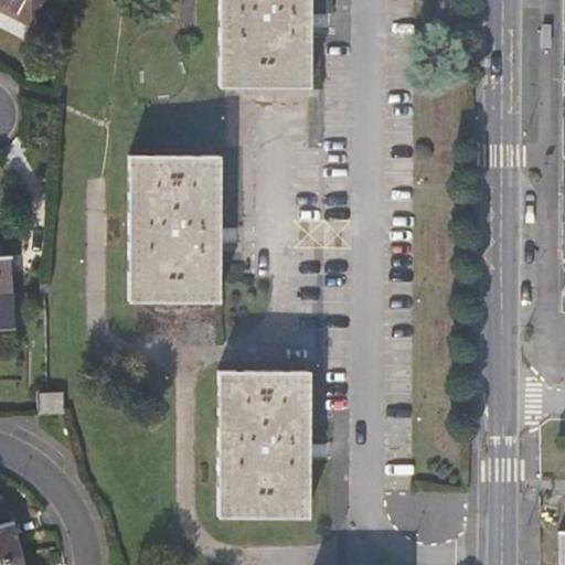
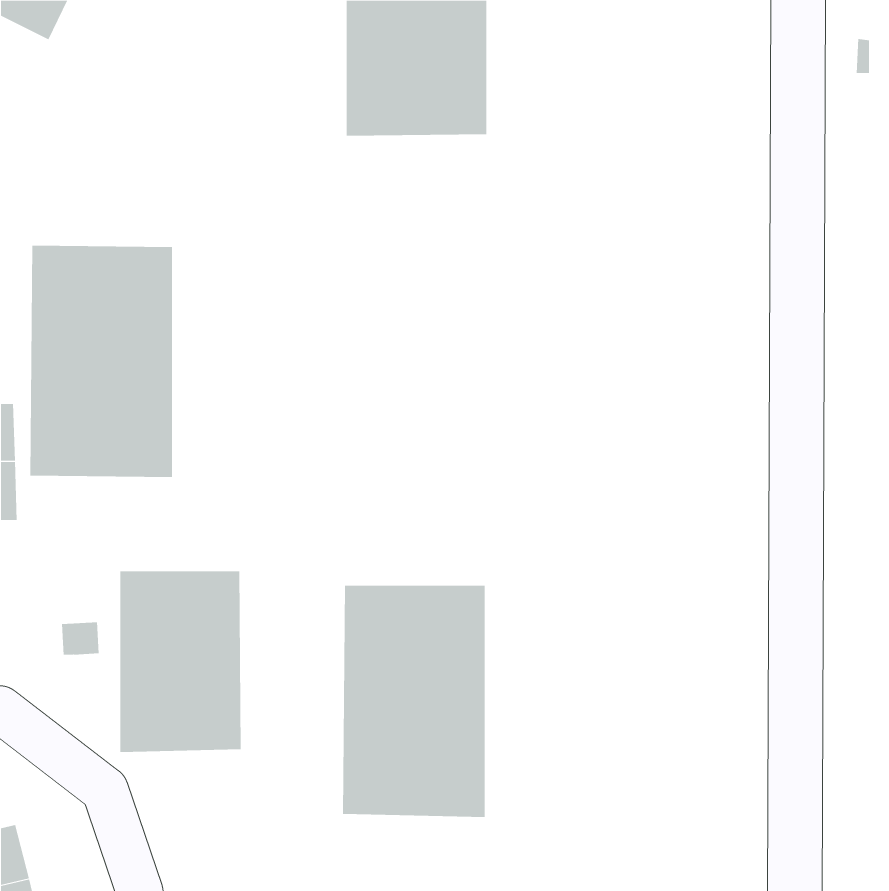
building: [129,156,220,302] -> [30,245,173,477]
building: none -> [120,570,241,753]

